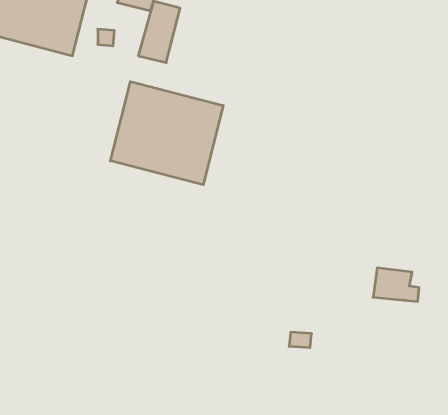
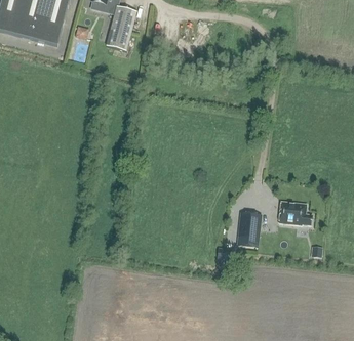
building: [110,82,223,185] -> none
building: none -> [236,211,260,246]

